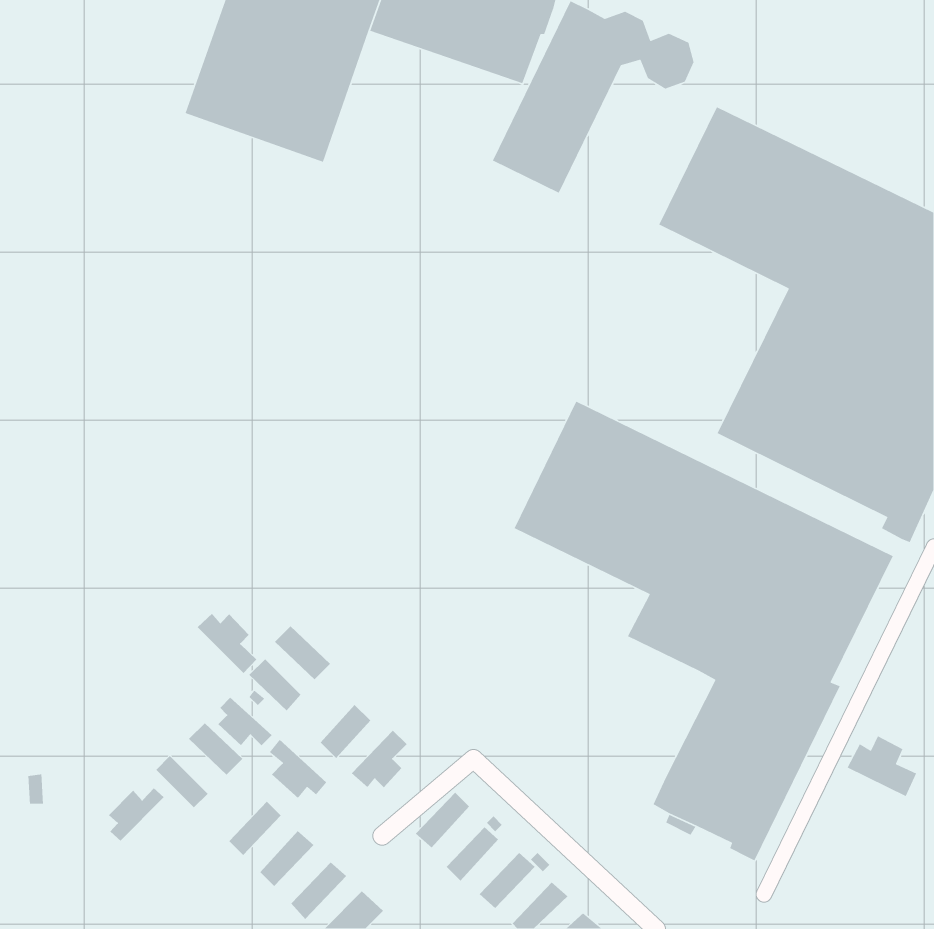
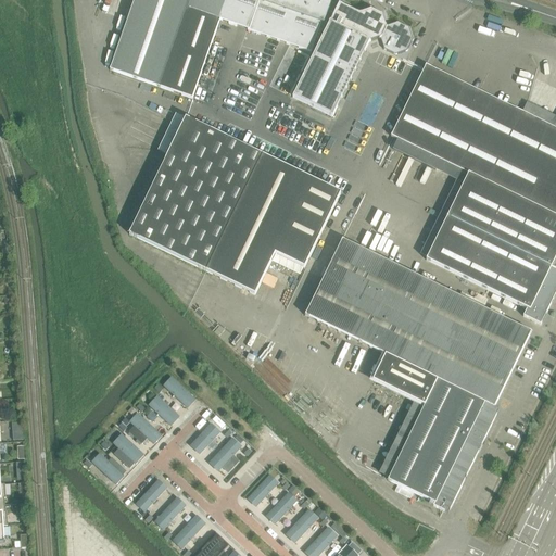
building: none -> [129,116,341,293]
building: [197,613,257,674] -> none
building: [847,735,917,797] -> none
building: [269,739,327,799] -> none
building: [108,788,165,841] -> none

